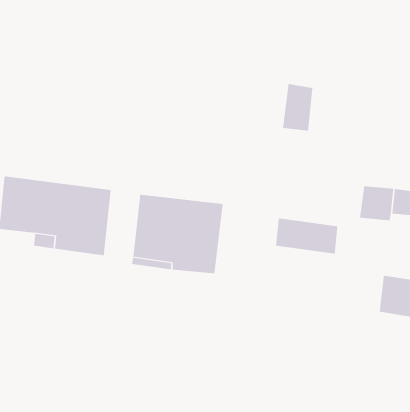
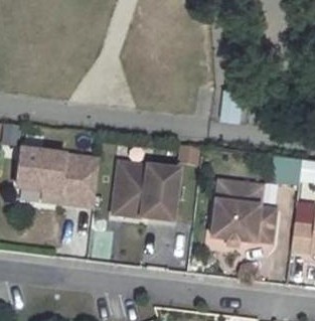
building: none -> [210,200,274,243]

